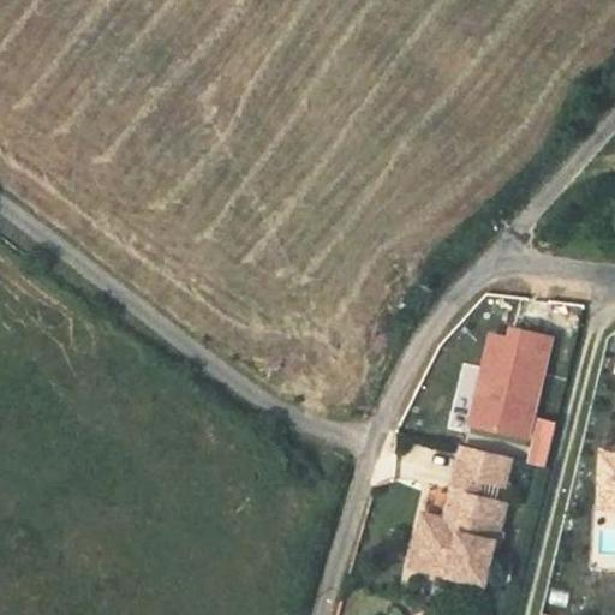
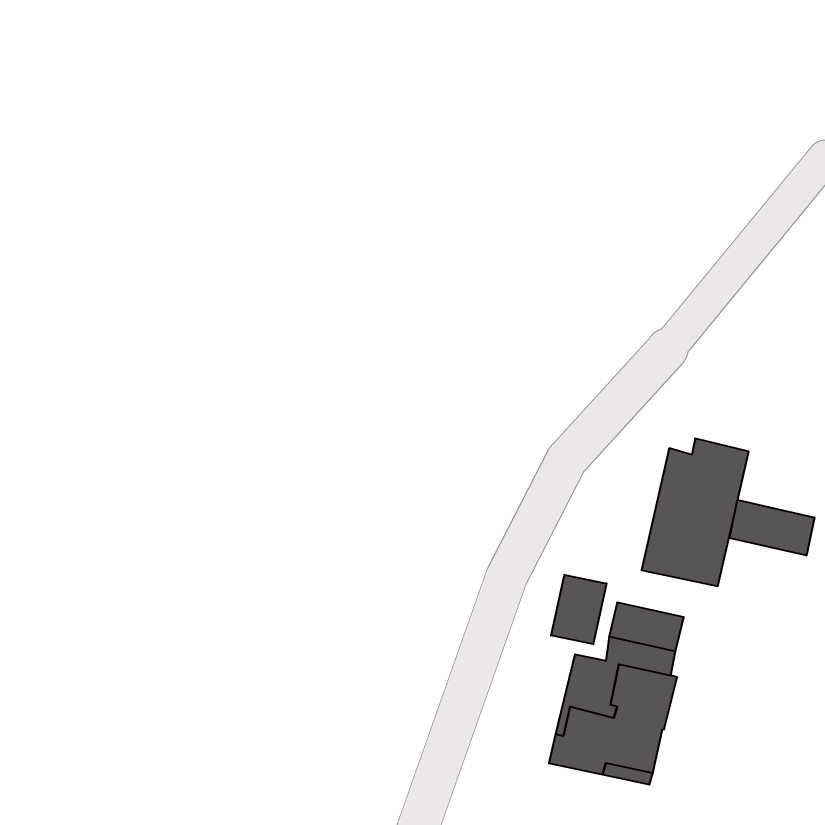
building: none -> [730,500,814,556]
building: none -> [551,575,607,644]

